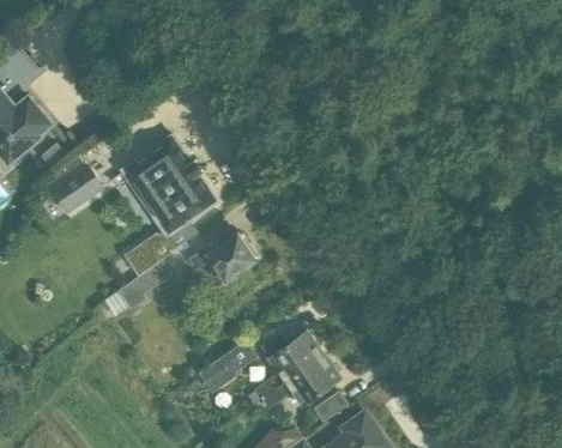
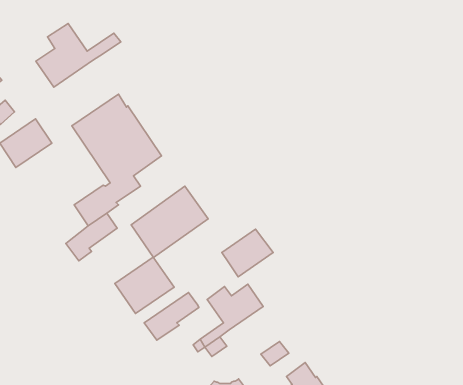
building: none -> [36,24,121,87]
building: none -> [115,257,174,313]
building: [285,356,338,405] -> [222,229,273,277]

